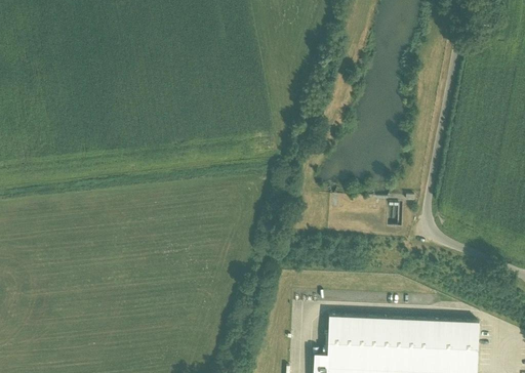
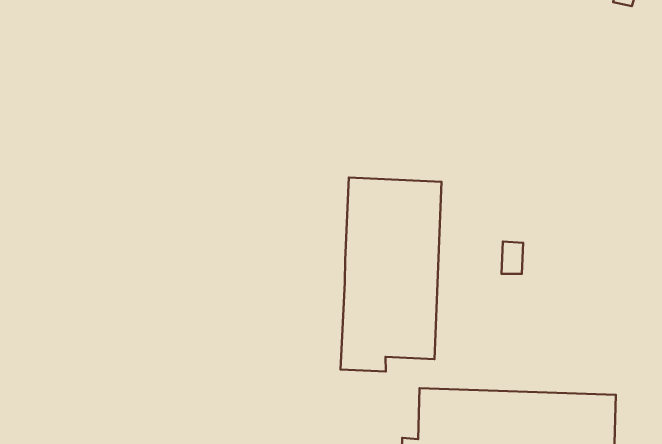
building: none -> [341,178,442,371]

